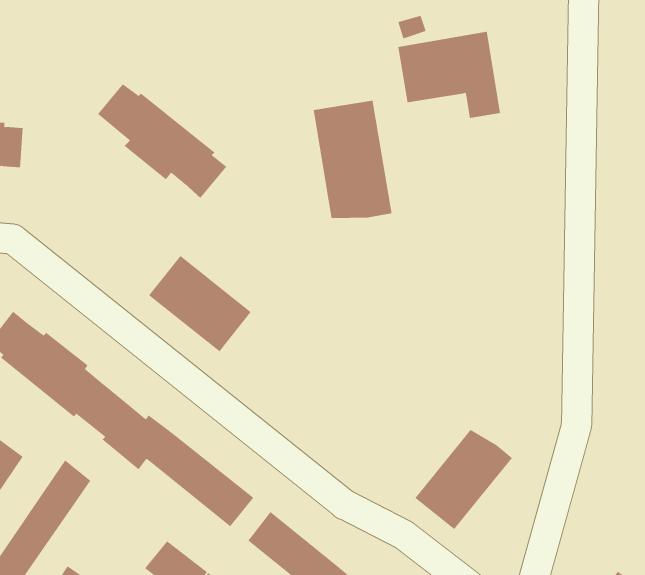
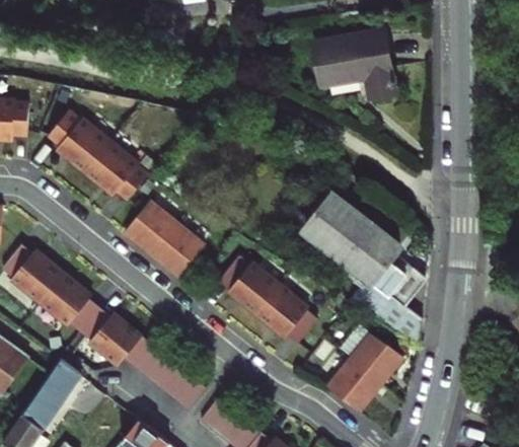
building: [97,83,227,199] -> [48,111,147,200]
building: [313,100,392,219] -> none
building: none -> [300,187,427,307]
building: none -> [219,255,316,344]

